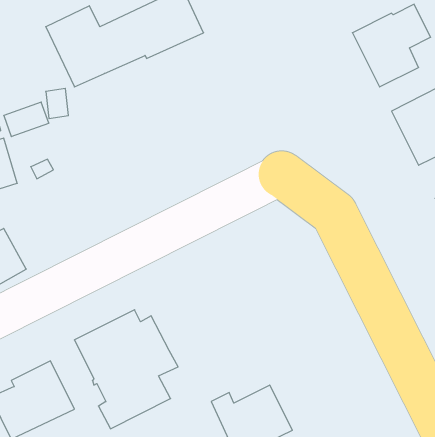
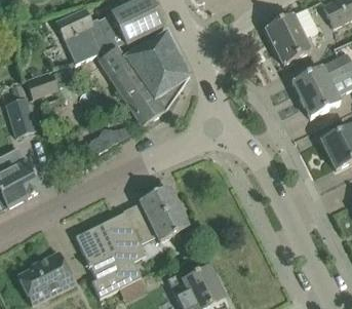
building: none -> [99,32,186,125]
building: none -> [84,126,130,157]
building: none -> [127,186,188,243]

